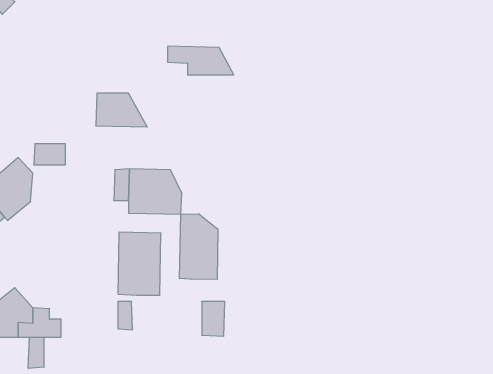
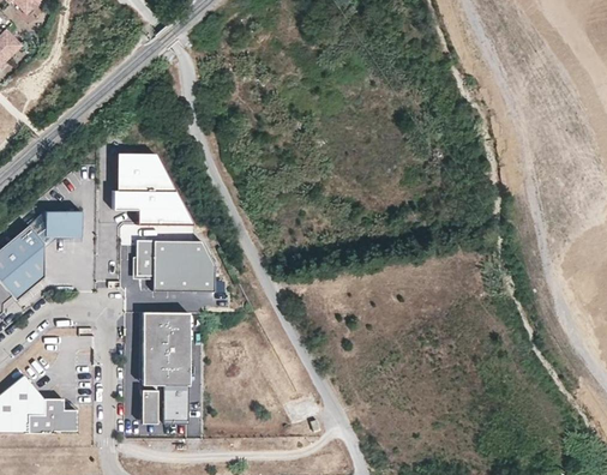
building: [168,46,234,75] -> [115,191,191,223]
building: [180,214,218,279] -> none
building: [202,302,225,336] -> [162,384,188,423]
building: [28,337,44,368] -> none

